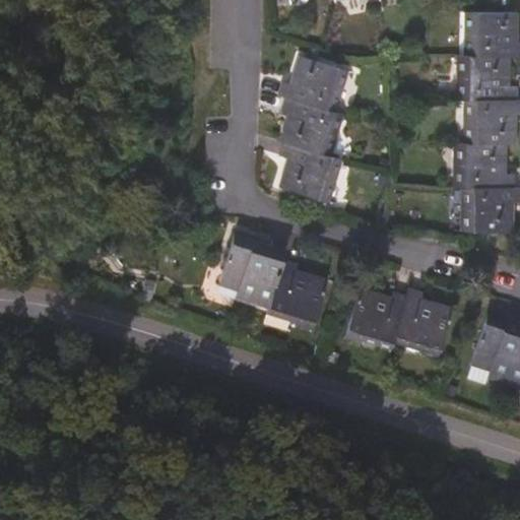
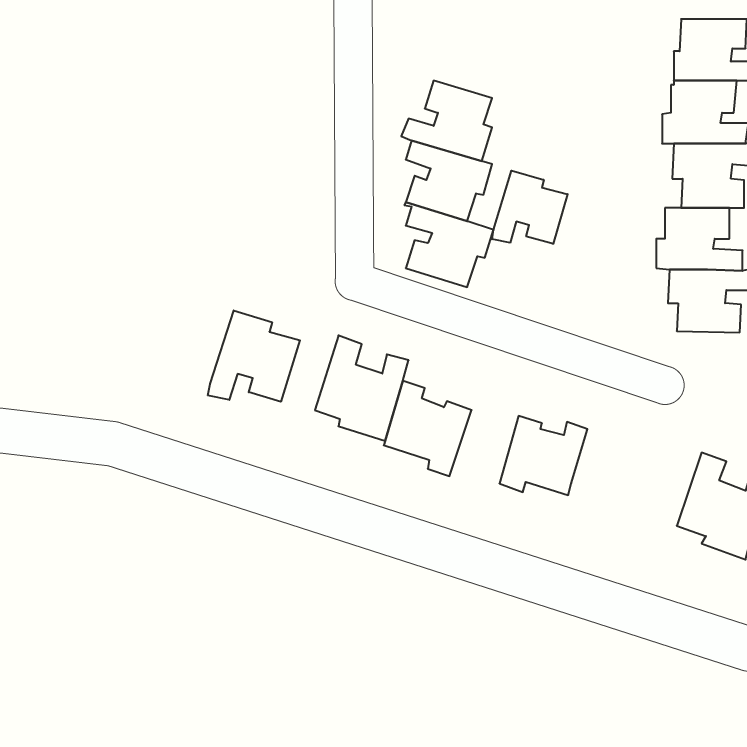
building: none -> [492,171,568,244]
building: none -> [208,310,300,402]
building: [397,288,454,353] -> none

